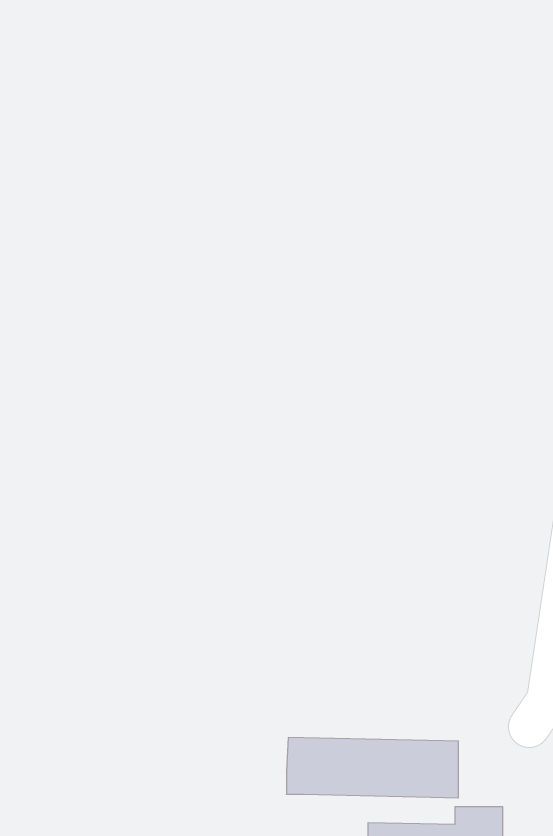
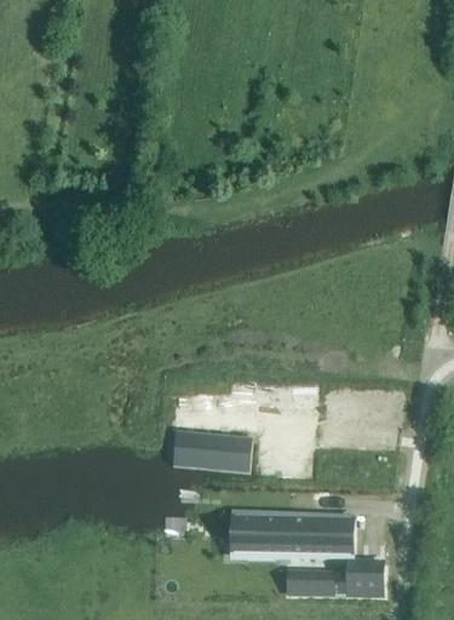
building: none -> [173,435,248,467]

